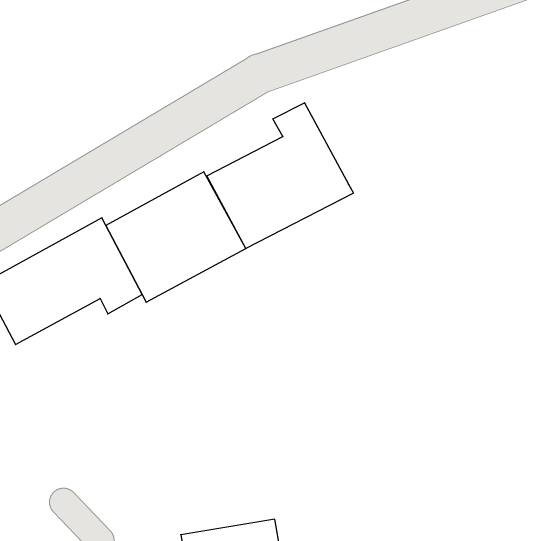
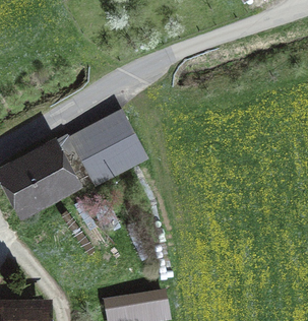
building: [207,103,353,249] -> none

